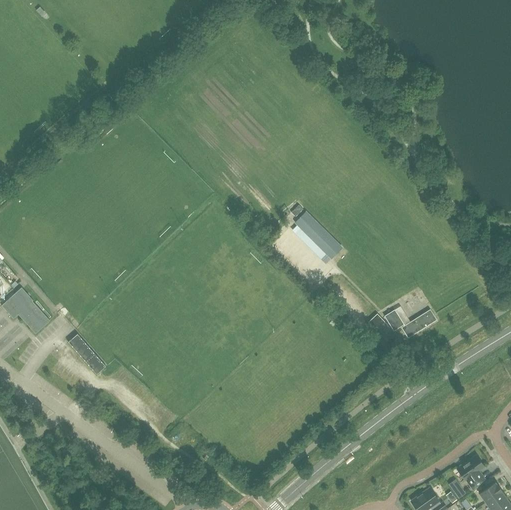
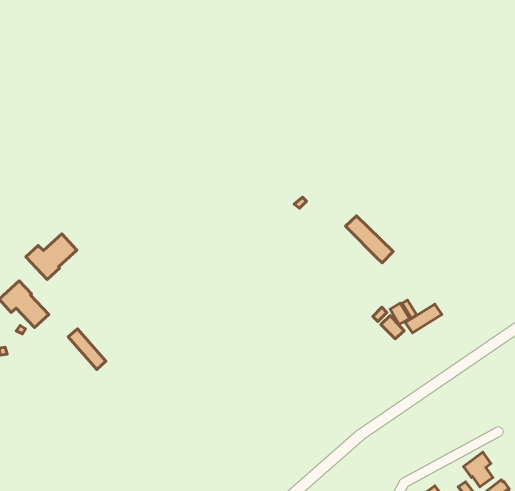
building: [295,212,342,258] -> [345,216,393,263]
building: none -> [26,234,77,279]

